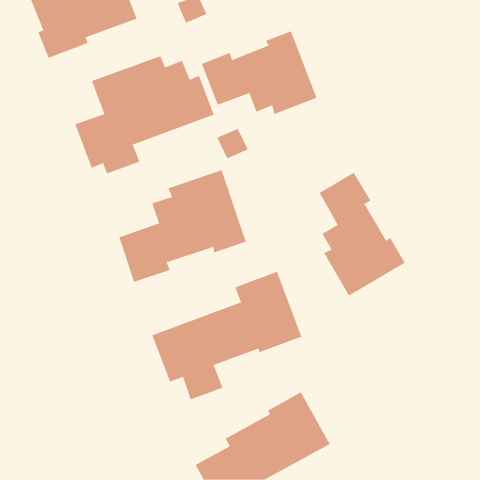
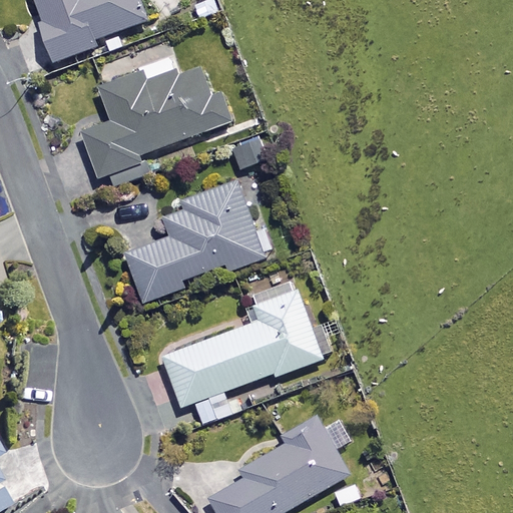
building: [201,31,317,115] -> none
building: [319,172,405,296] -> none

